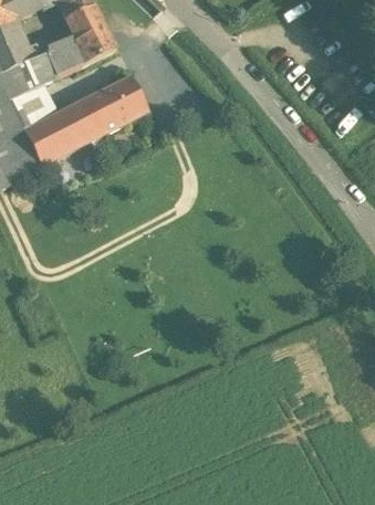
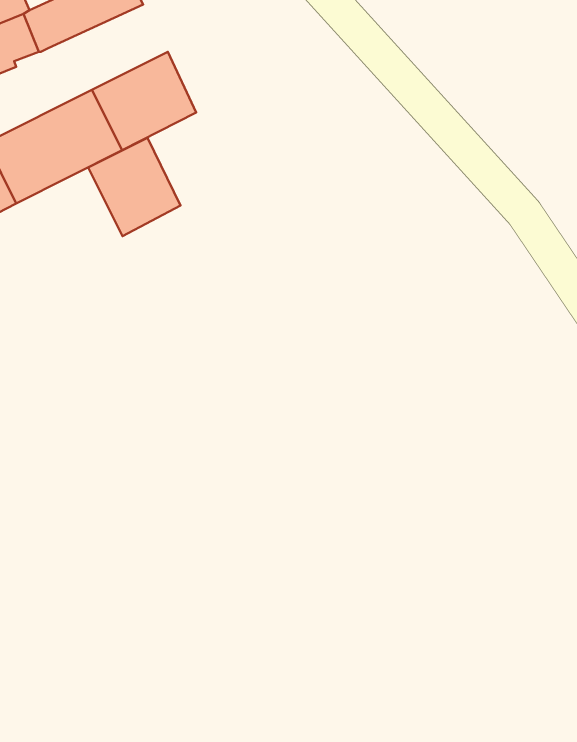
building: none -> [88,138,180,236]

